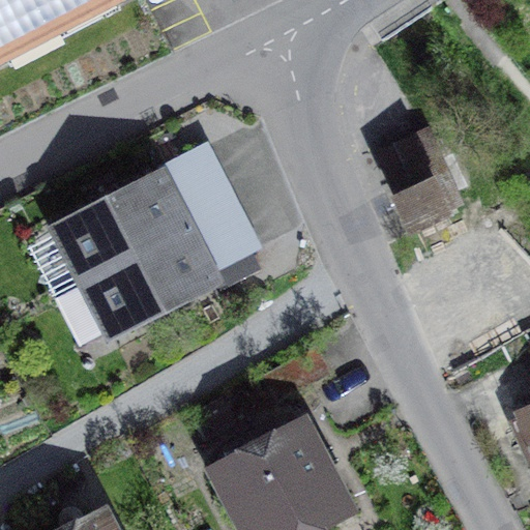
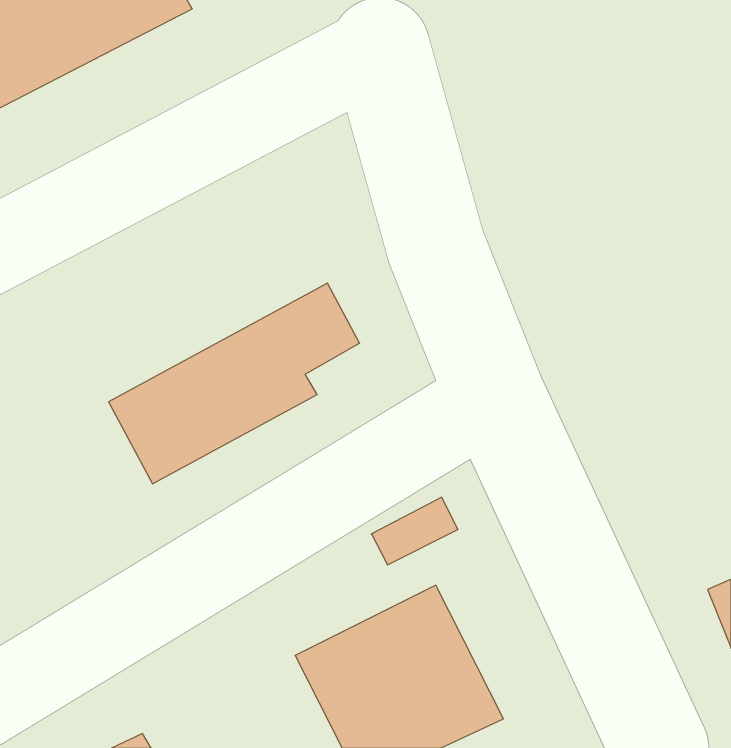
building: [375,129,464,229] -> none
building: [47,145,231,284] -> none

